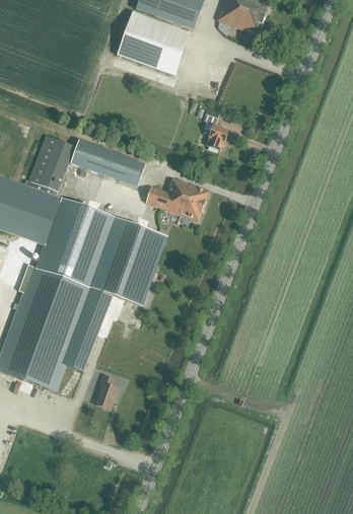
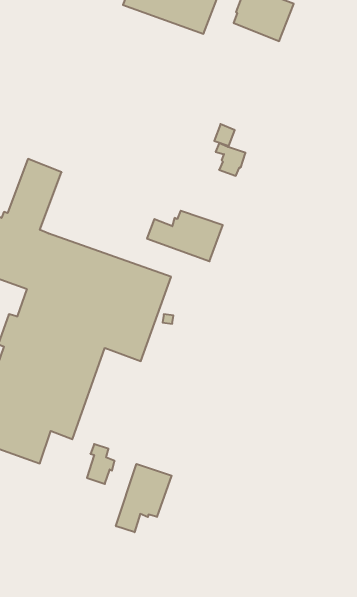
building: [116,10,190,75] -> none
building: [69,139,144,187] -> none
building: none -> [116,464,172,532]

